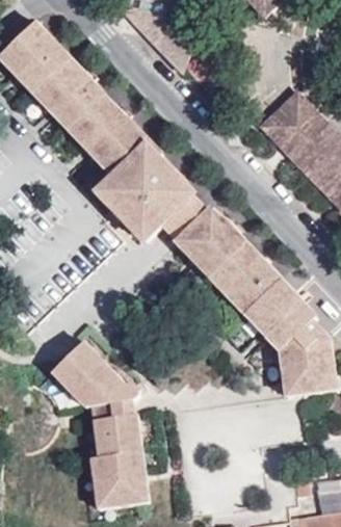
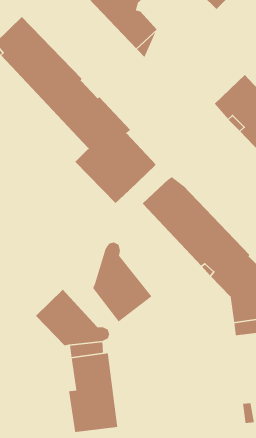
building: [162,196,207,240] -> none
building: none -> [92,242,152,323]

